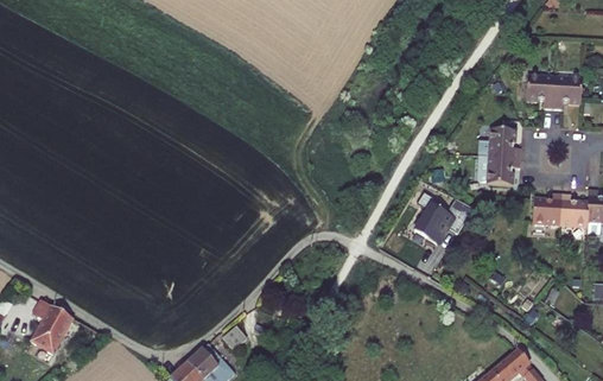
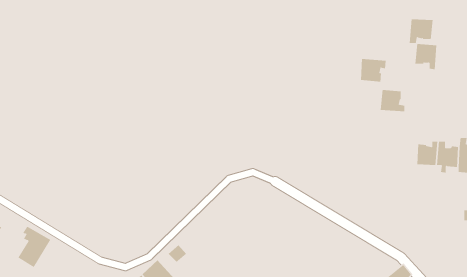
building: [557,72,588,103] -> [409,19,433,43]
building: [485,154,519,184] -> [360,59,387,82]
building: [414,190,474,242] -> none

